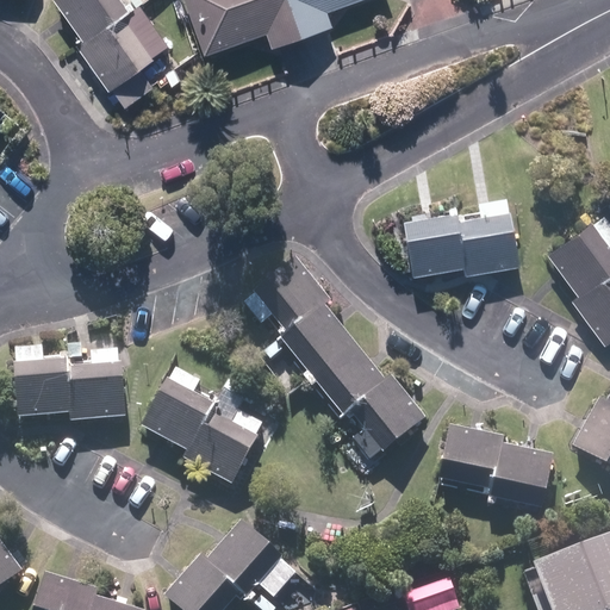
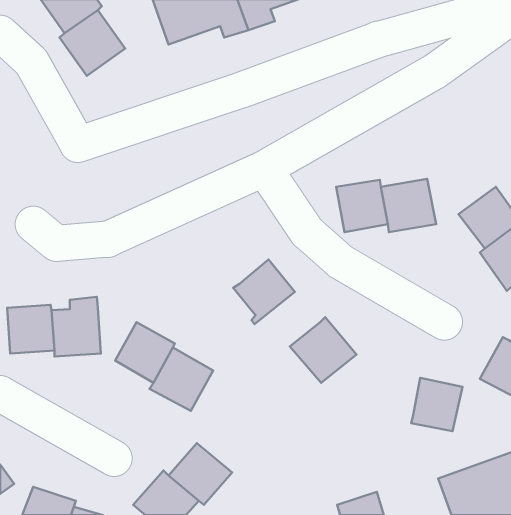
building: [254,260,330,335] -> none
building: [306,344,384,415] -> none
building: [438,425,504,490] -> none

